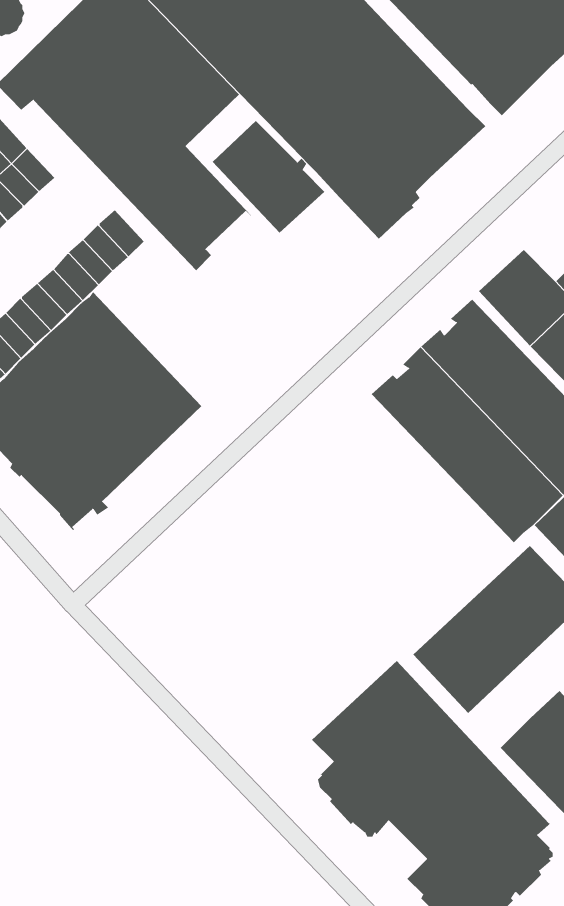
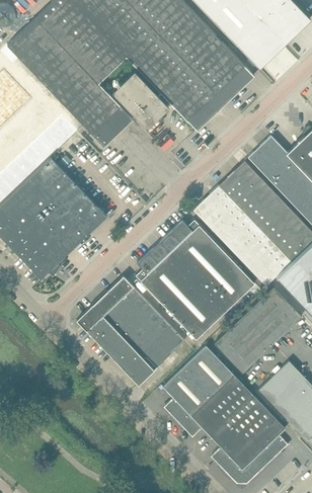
building: none -> [137,220,254,338]
building: none -> [76,275,184,385]

